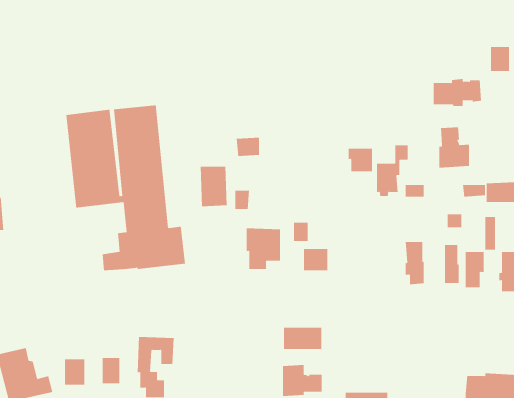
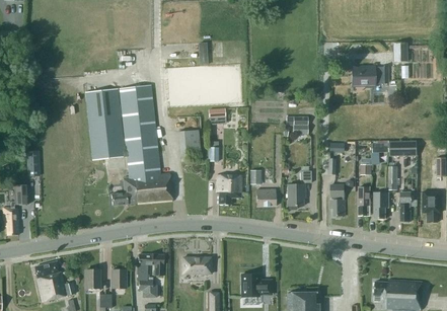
building: [439,126,470,168] -> none
building: [376,145,408,197] -> [288,171,311,209]
building: [283,327,322,349] -> [183,257,212,274]

